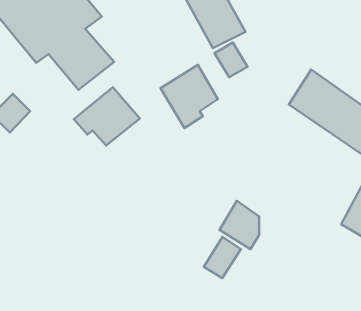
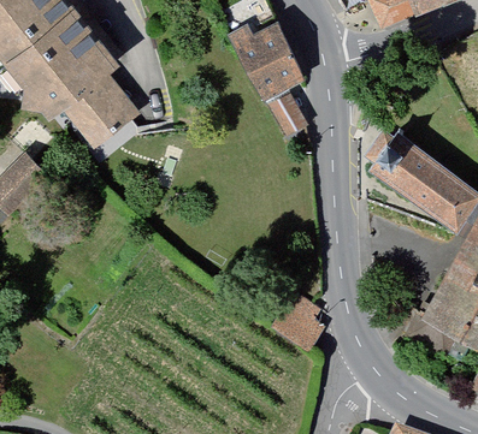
building: [161,65,218,128] -> none
building: [74,87,140,146] -> none
building: [204,237,241,278] -> none

